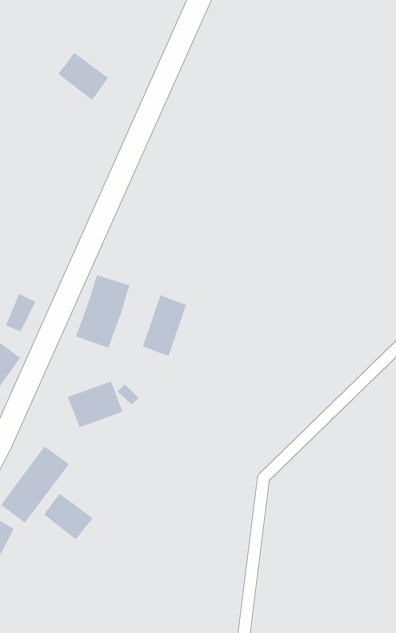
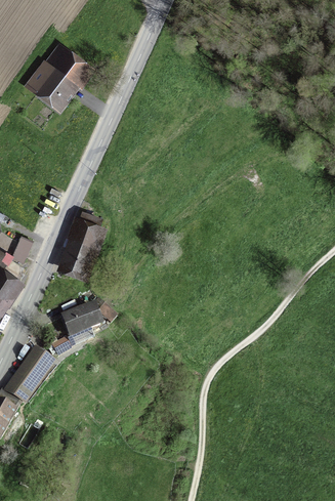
building: none -> [34,66,78,109]
building: [142,294,187,357] -> none
building: [43,493,94,540] -> none

